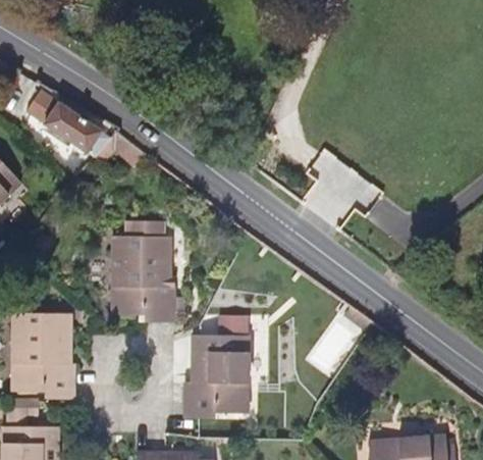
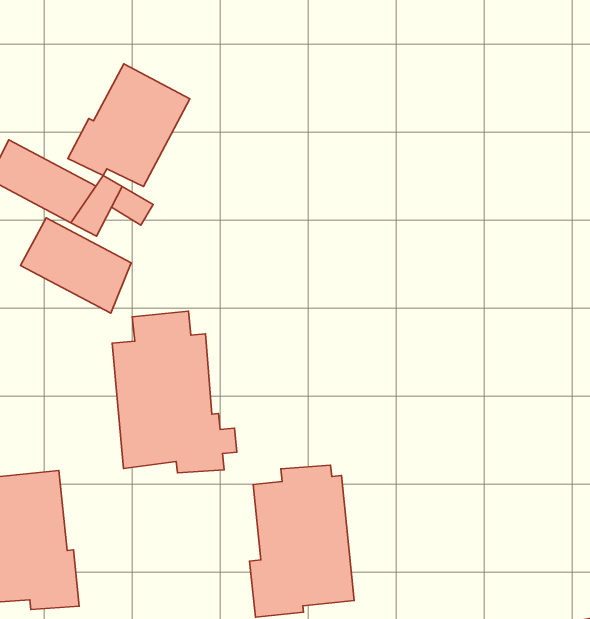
building: none -> [68,64,190,187]
building: none -> [21,218,131,313]

